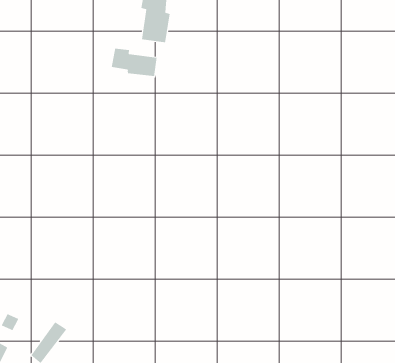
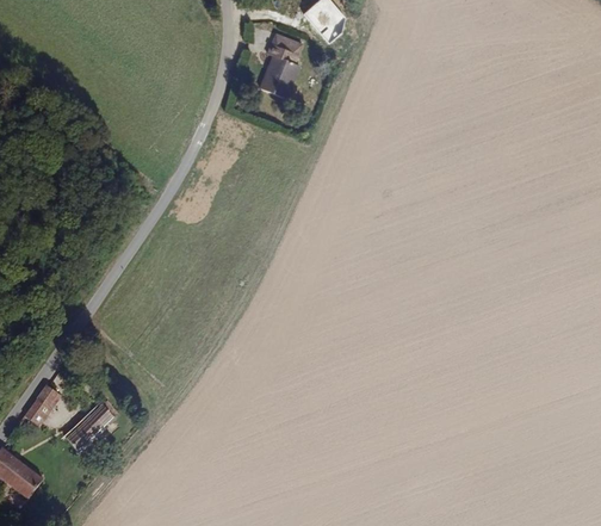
building: [111,48,157,77] -> none

